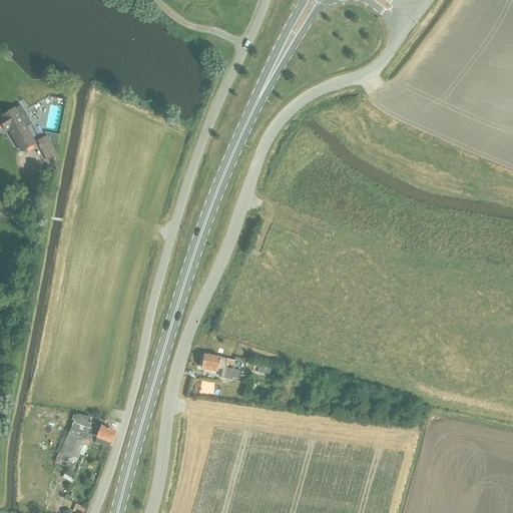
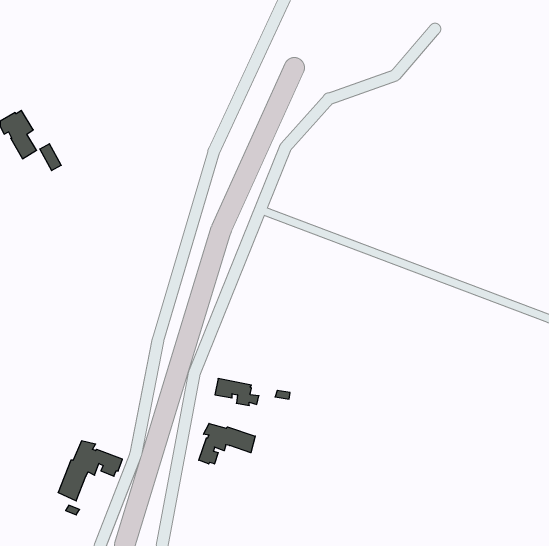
building: none -> [199,423,255,464]

